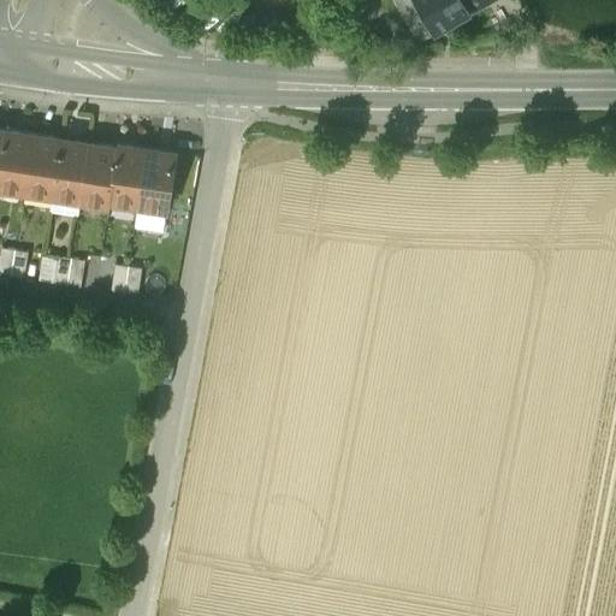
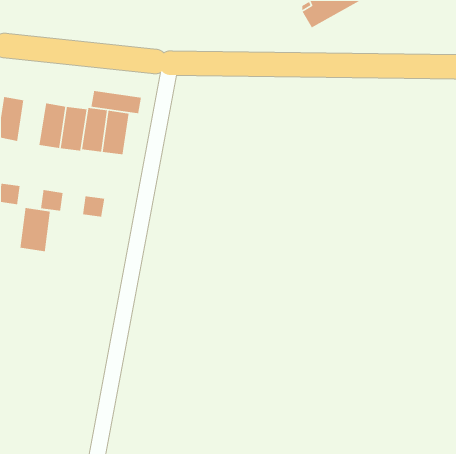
building: none -> [91,90,142,114]
building: [24,137,61,199] -> none
building: none -> [19,207,51,252]

